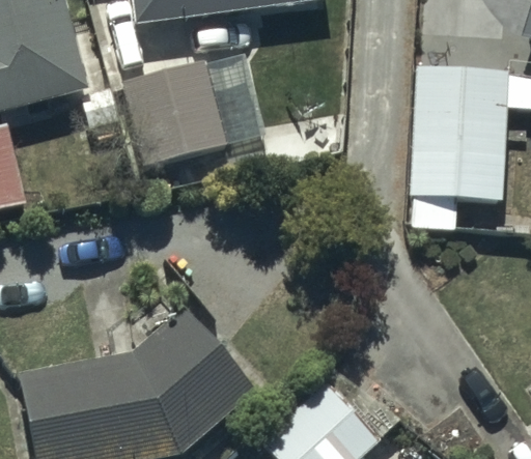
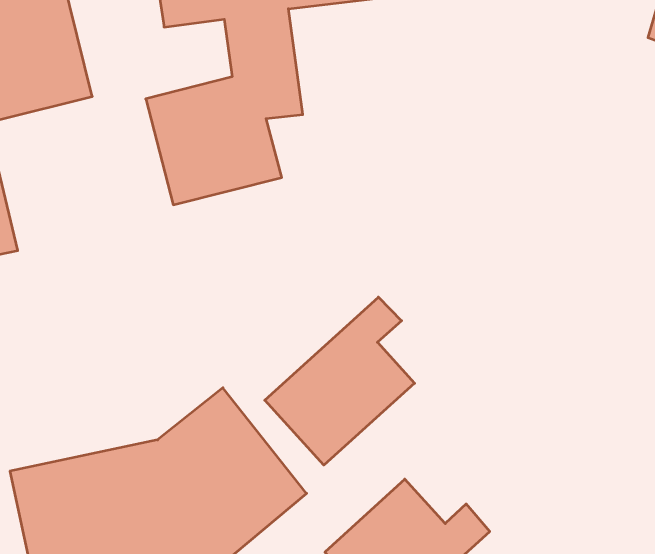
building: [413,64,522,224] -> none
building: none -> [265,297,415,465]

